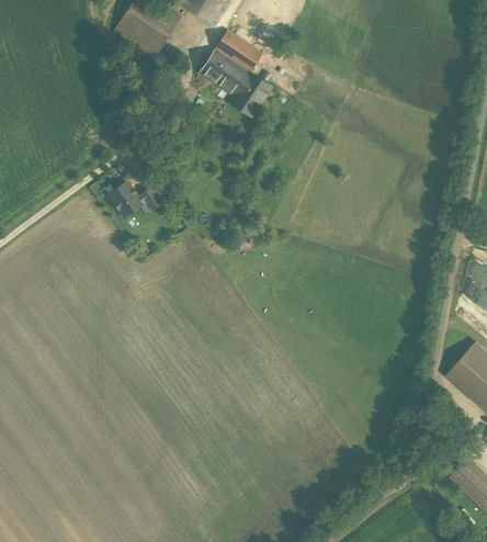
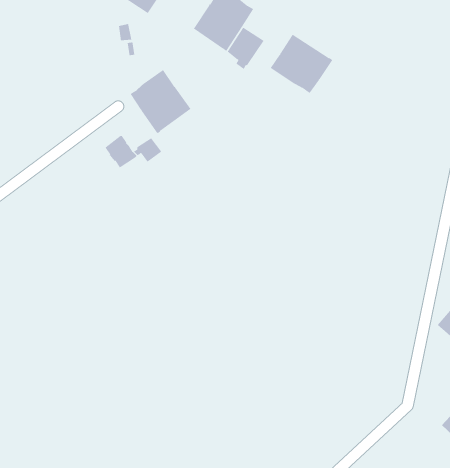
building: none -> [269,33,333,94]
building: none -> [129,69,192,134]

